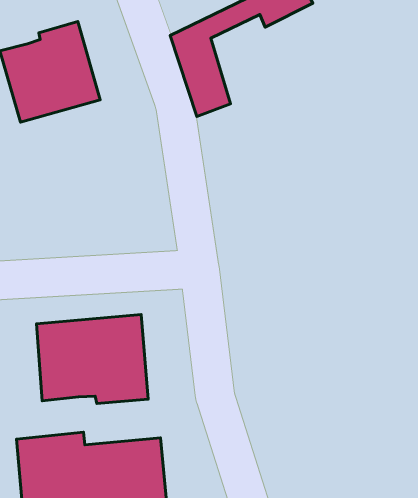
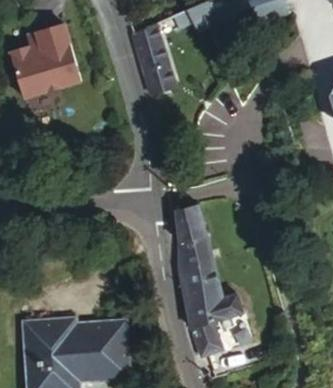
building: none -> [175,203,243,354]
building: [36,315,148,403] -> none

